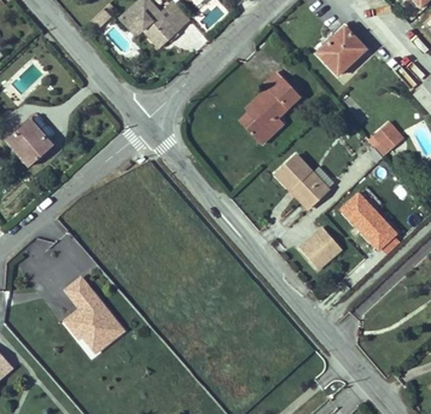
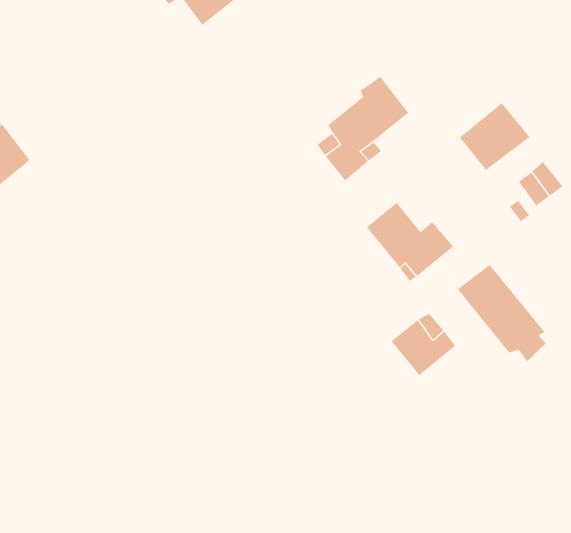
building: [318,27,365,72] -> [459,102,530,171]
building: [62,274,126,354] -> none

